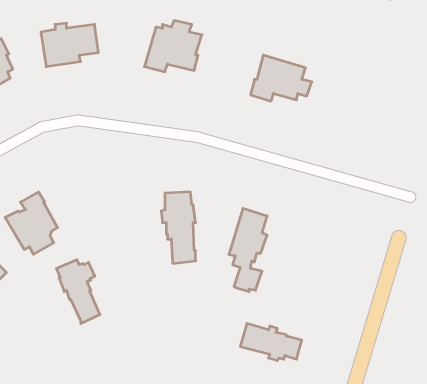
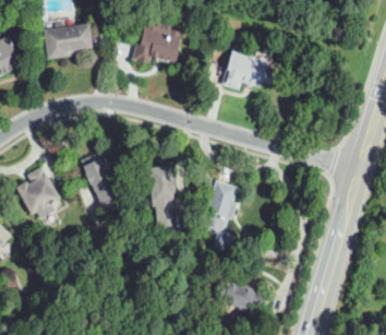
building: [56,260,100,324] -> [83,157,120,212]

